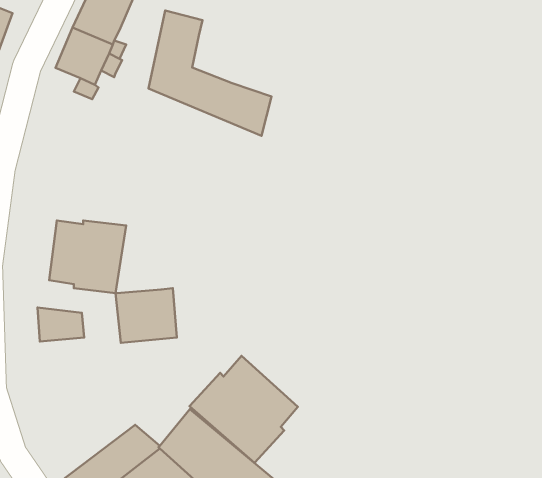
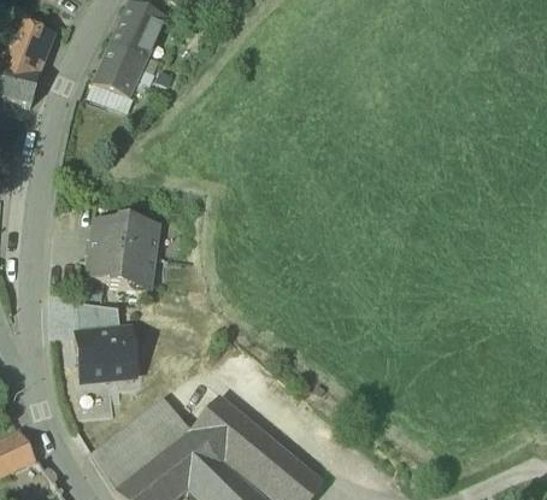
building: [148,10,271,136] -> none
building: [116,288,177,343] -> [77,328,134,378]
building: [189,356,298,463] -> none

